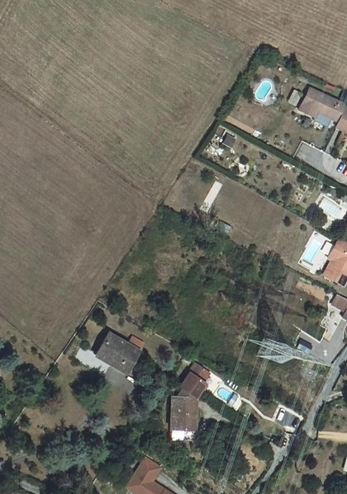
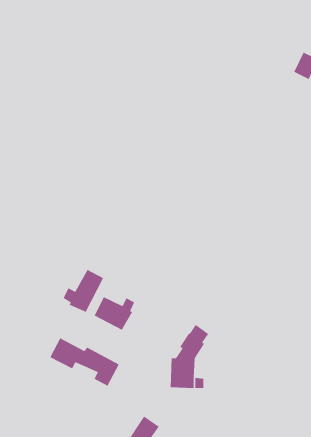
building: none -> [63,269,104,313]
building: none -> [49,337,120,387]

